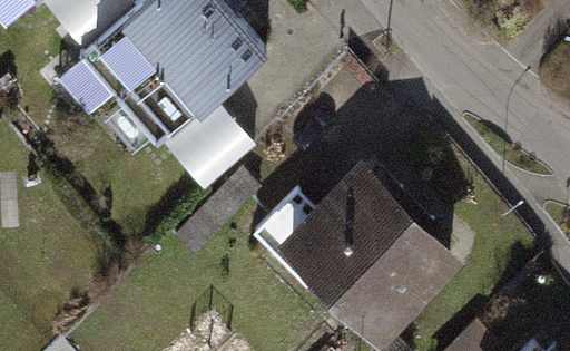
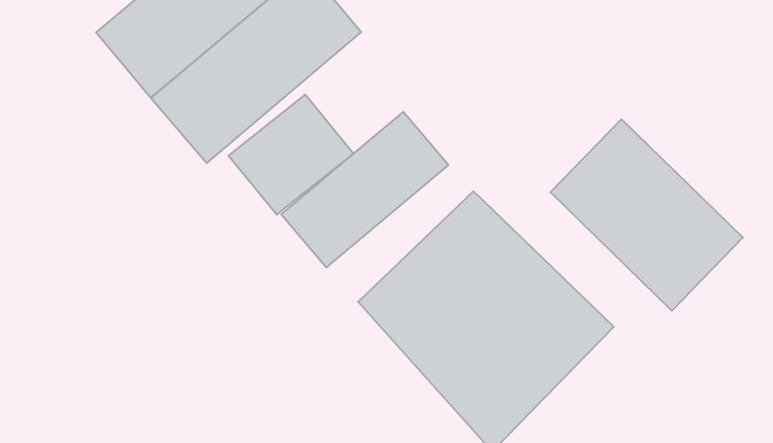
building: none -> [281,112,448,267]
building: none -> [550,119,743,311]

